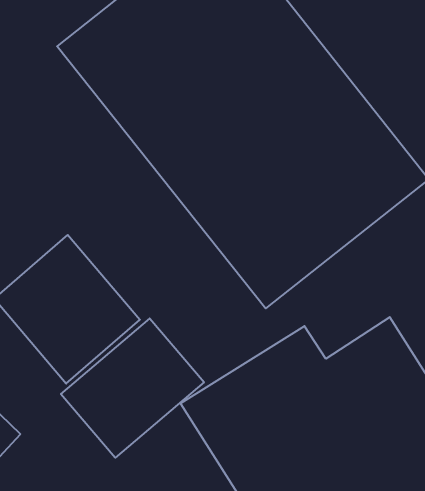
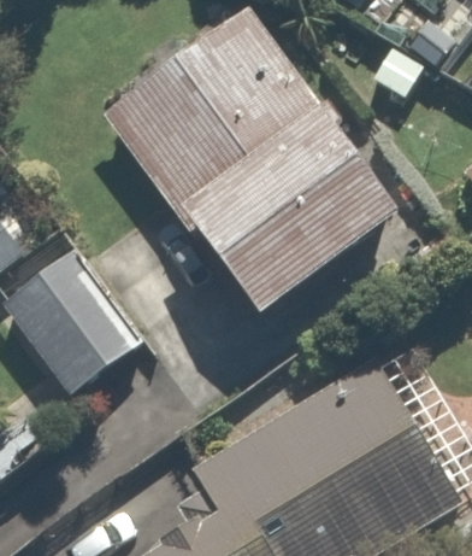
building: [61,318,204,458] -> none

